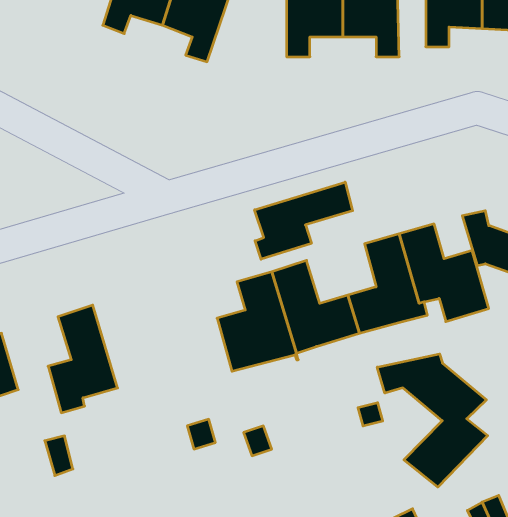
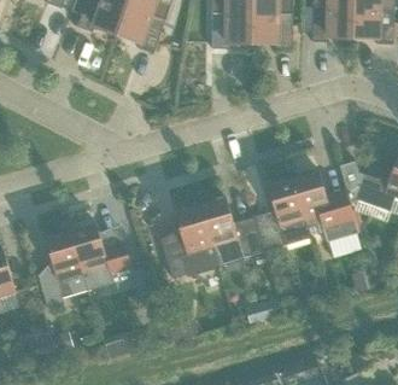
building: [255,182,353,259] -> none
building: none -> [70,222,130,290]
building: [377,354,488,487] -> none

